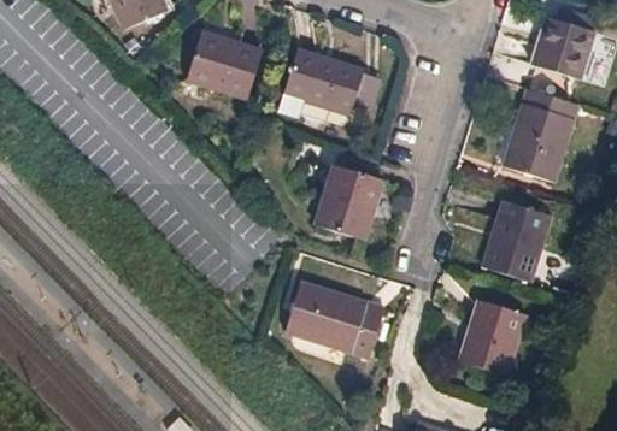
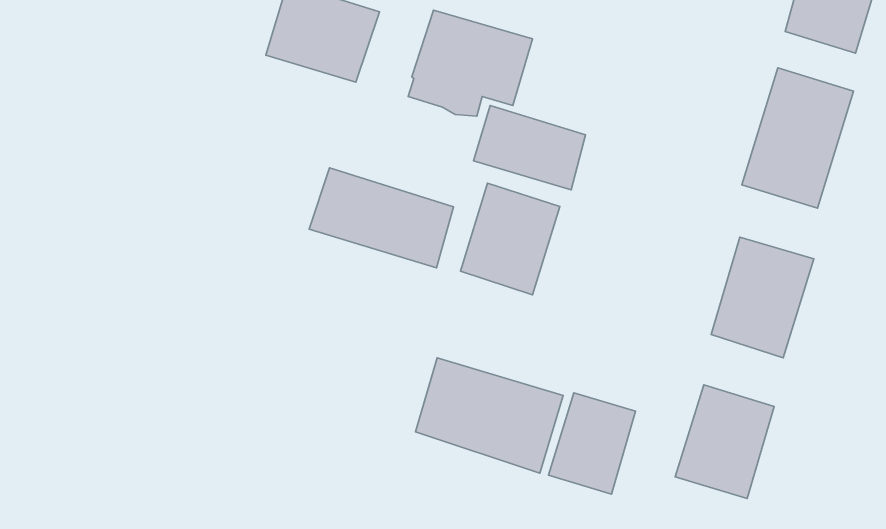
building: none -> [473,106,586,190]
building: none -> [309,168,454,268]
building: none -> [549,393,635,494]

